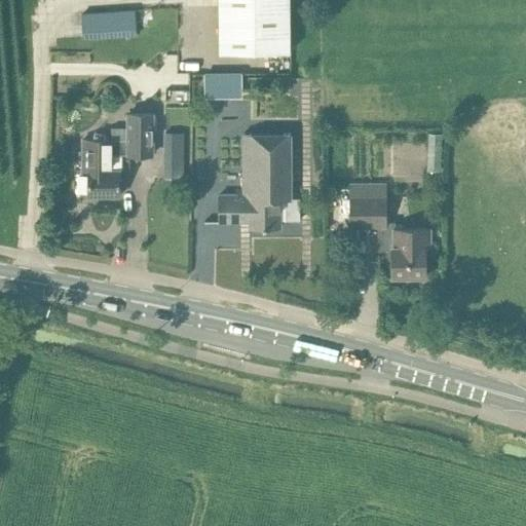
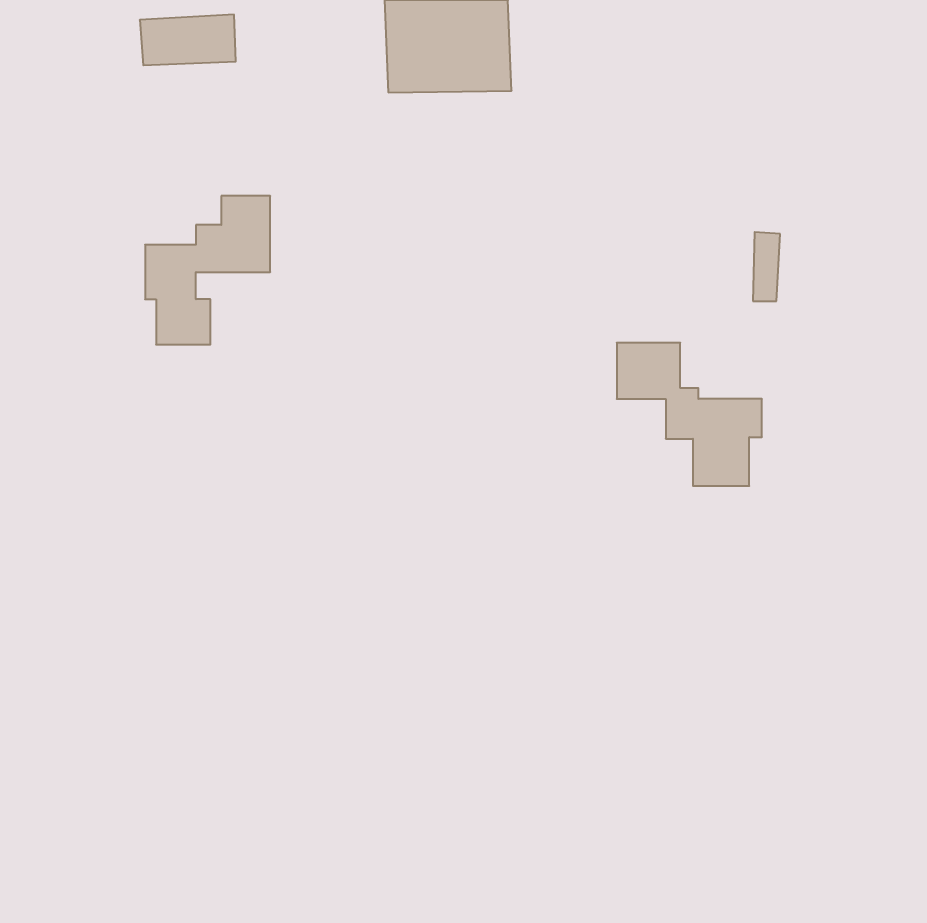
building: [201,73,240,99] -> none
building: [163,135,183,179] -> none
building: [219,135,300,228] -> none

